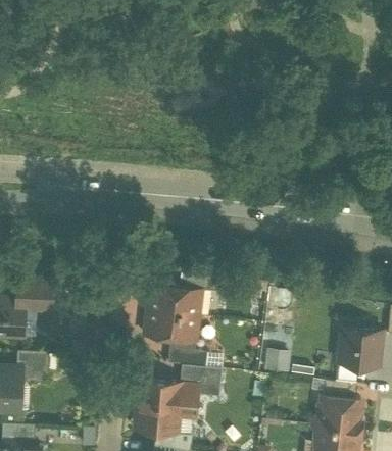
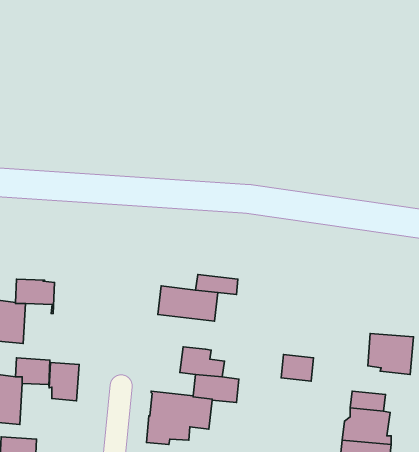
building: [144,313,199,346] -> none
building: none -> [49,363,79,401]

